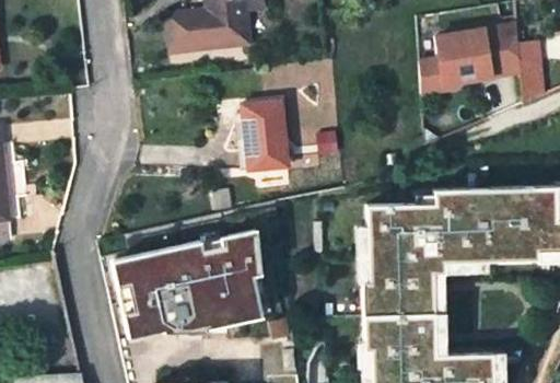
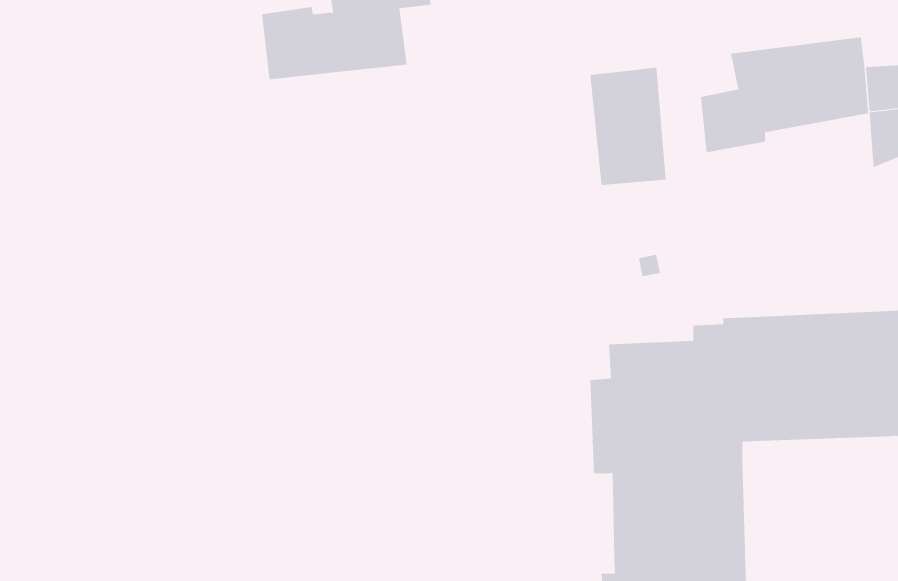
building: [241,100,285,169] -> [590,67,667,185]
building: [115,232,266,335] -> none

